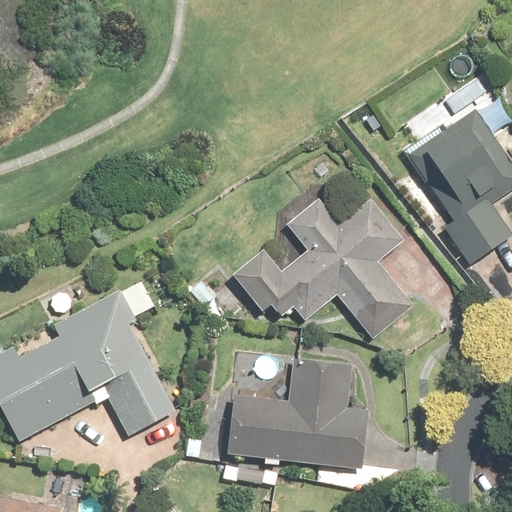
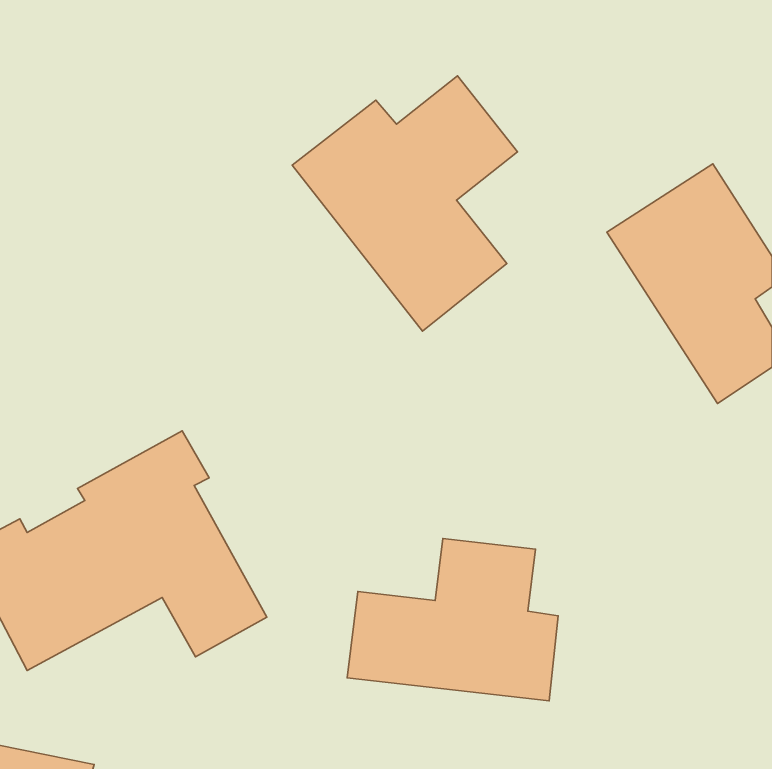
building: none -> [292,76,517,331]
building: [227,198,414,339] -> none

